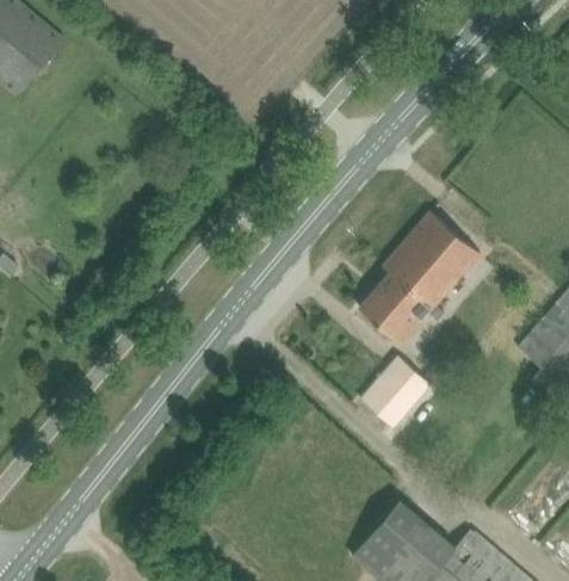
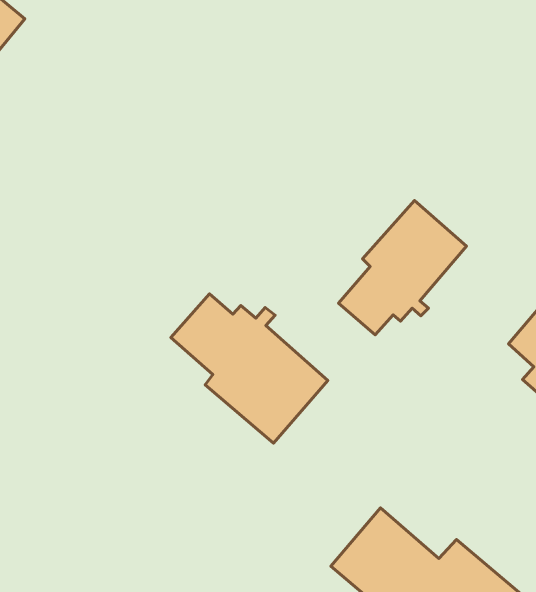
building: none -> [171,294,328,443]
building: [361,357,429,426] -> none

